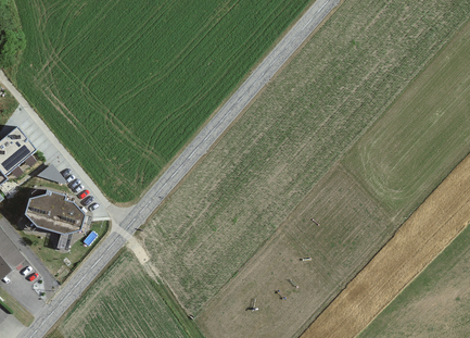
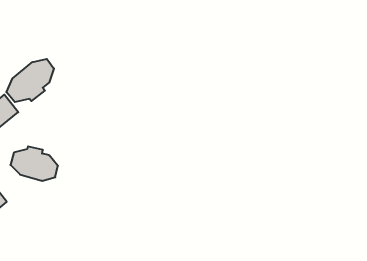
building: none -> [6,59,54,102]

